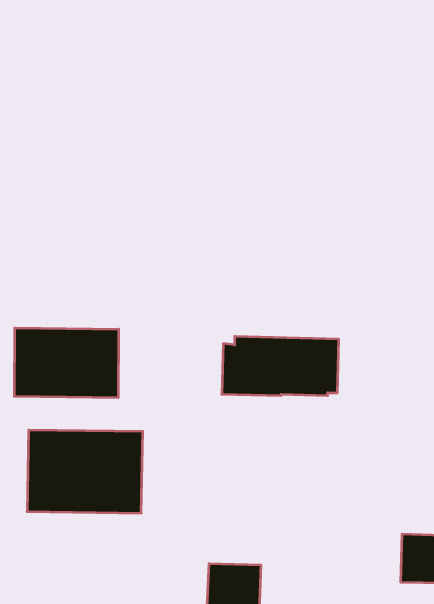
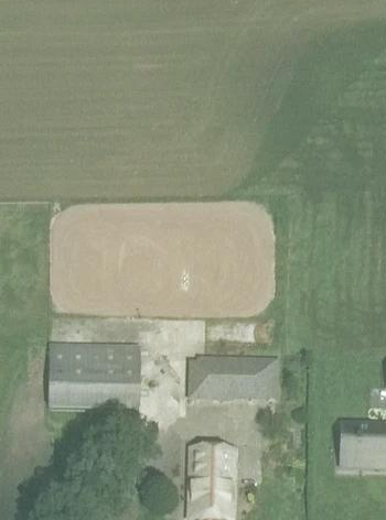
building: [14,328,119,398] -> none
building: [222,336,339,396] -> [187,355,279,401]

